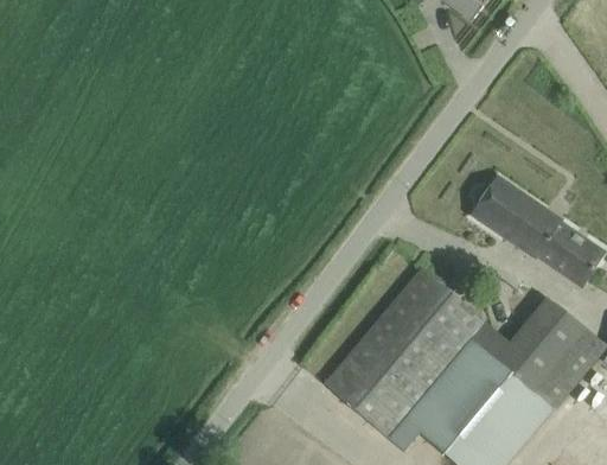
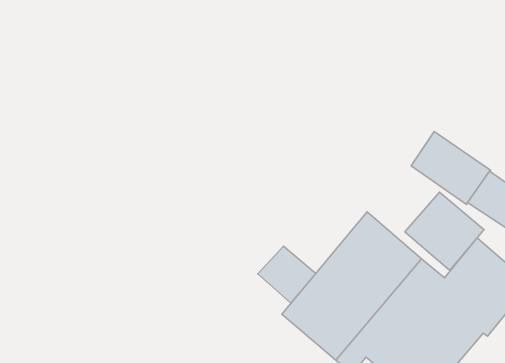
building: none -> [405,192,484,271]
building: none -> [258,246,316,303]

